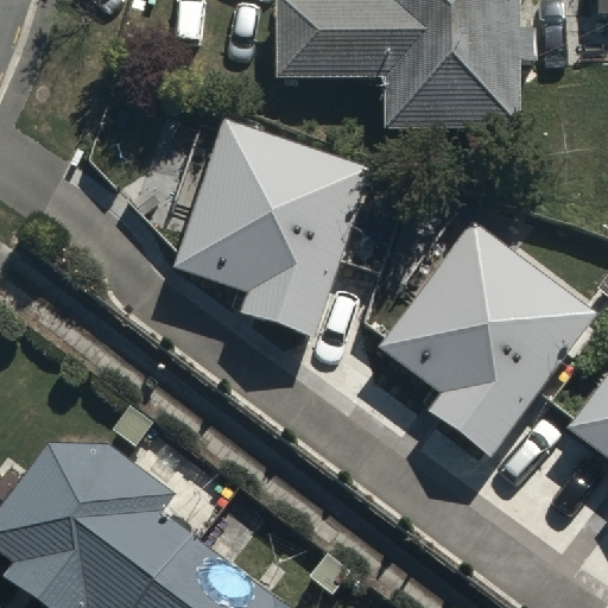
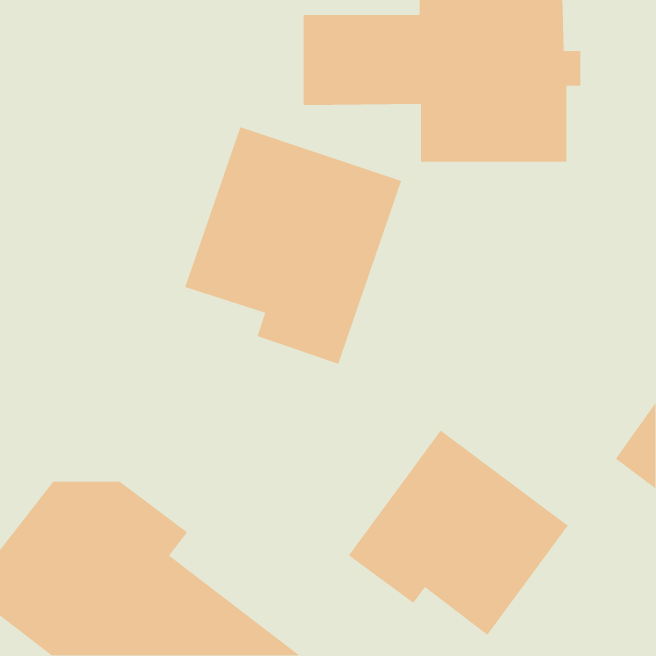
building: [378,217,597,456] -> none
building: none -> [348,430,569,636]

